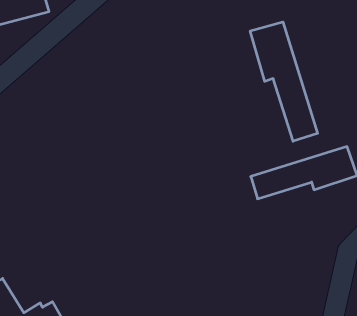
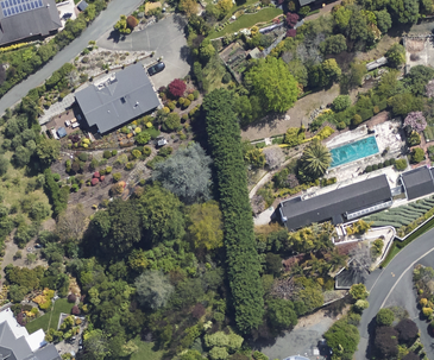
building: [250,22,318,141] -> none
building: none -> [74,62,158,133]

